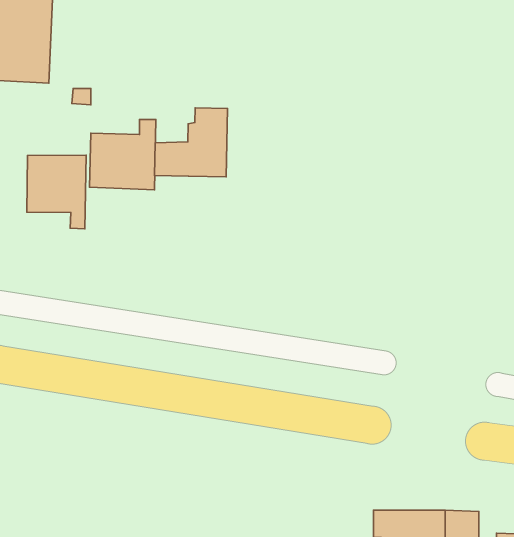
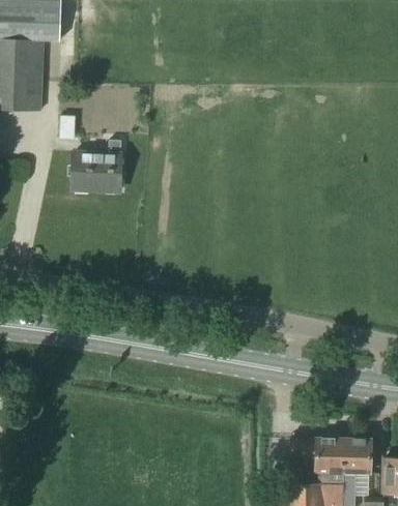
building: [155,108,228,177] -> none
building: [27,155,86,229] -> none

